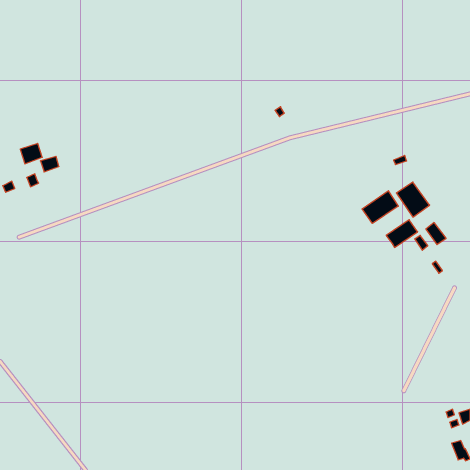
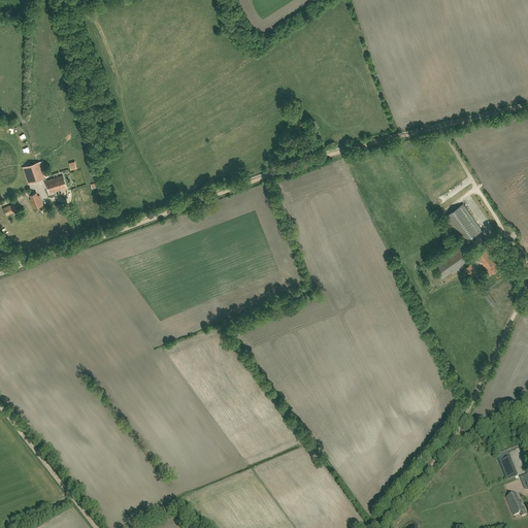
building: [362,191,398,223] -> none

